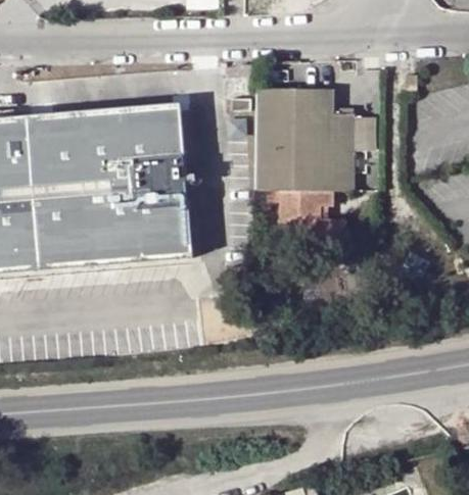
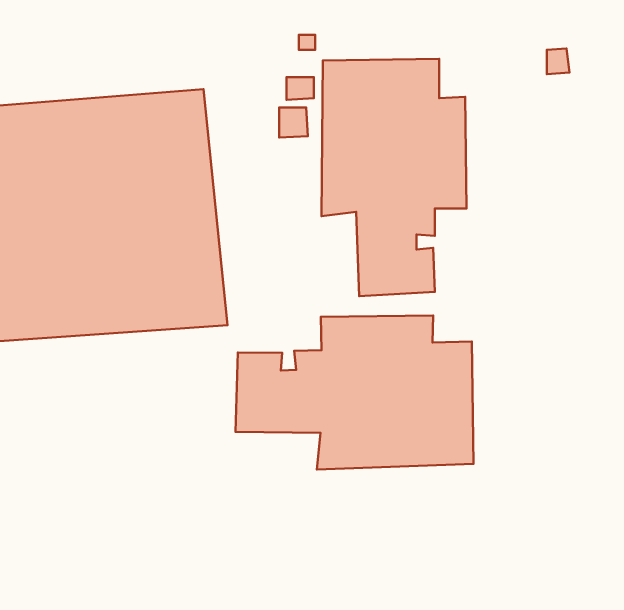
building: none -> [235,316,473,469]

